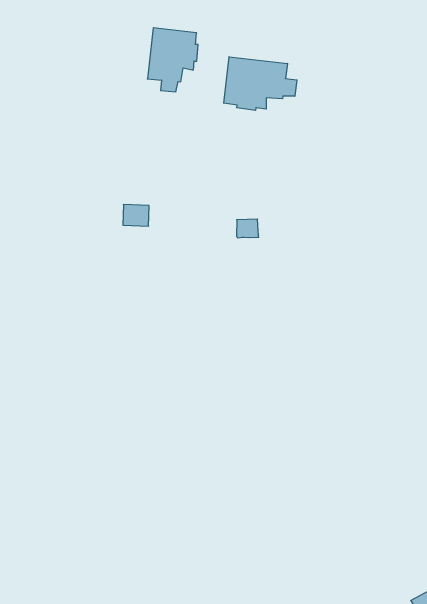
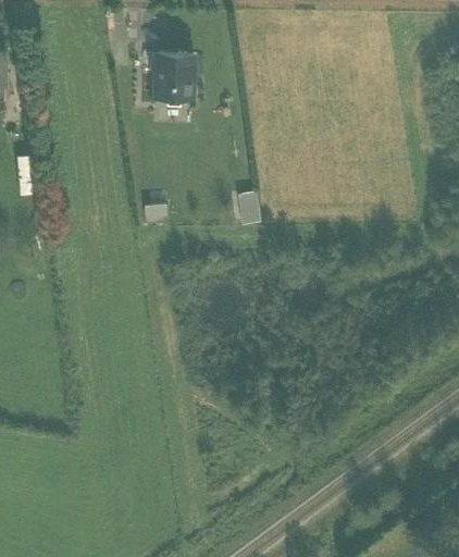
building: [224,57,297,110] -> none

